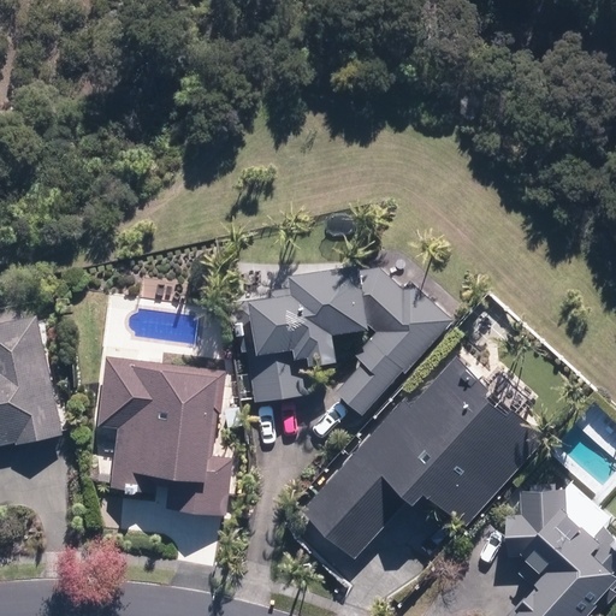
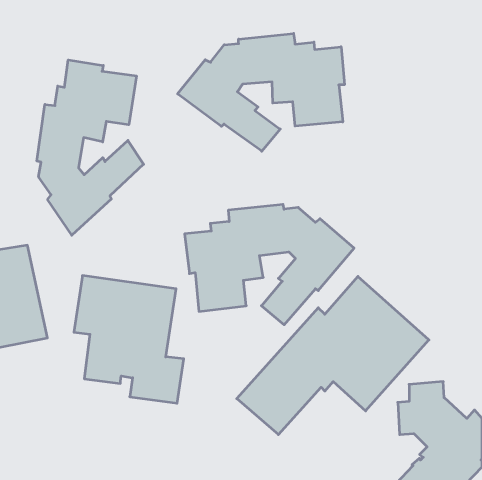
building: none -> [178,33,344,151]
building: none -> [37,60,144,235]

